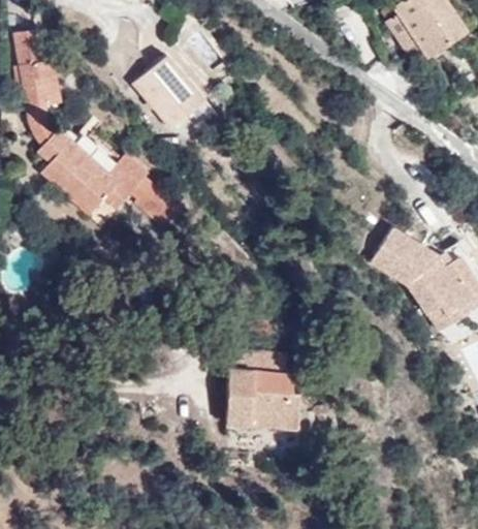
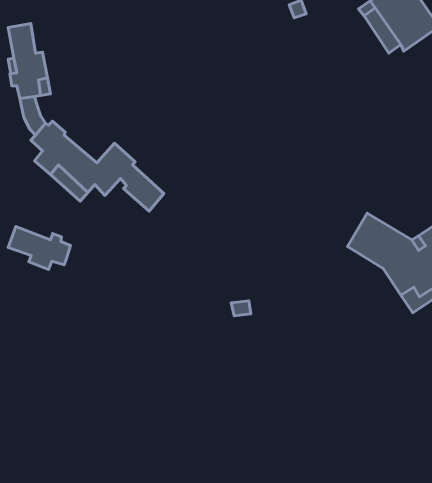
building: [133,56,204,130] -> none
building: none -> [8,227,70,269]
building: [226,350,298,429] -> none

